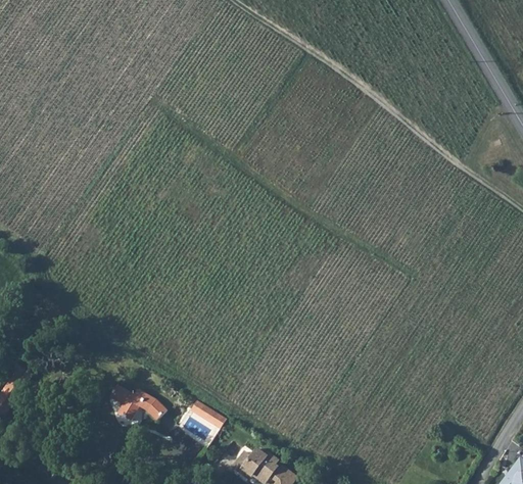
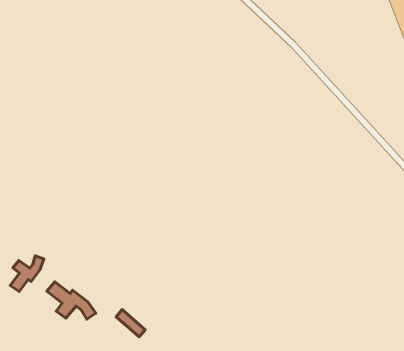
building: none -> [10,256,44,292]

